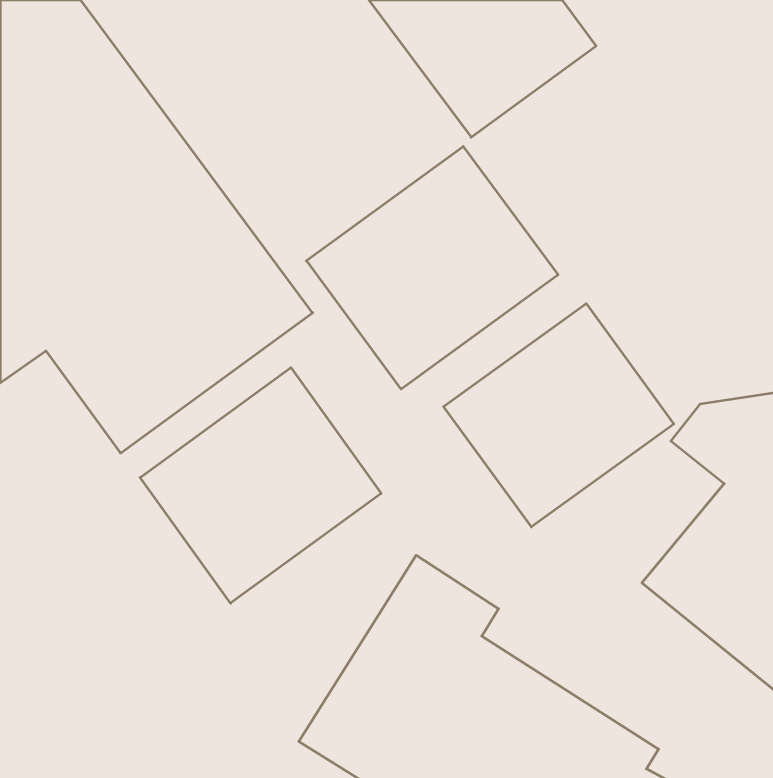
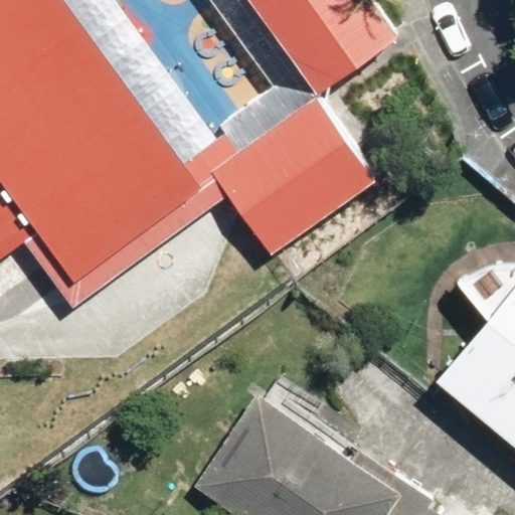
building: [444,304,674,527] -> none
building: [140,368,381,603] -> none

